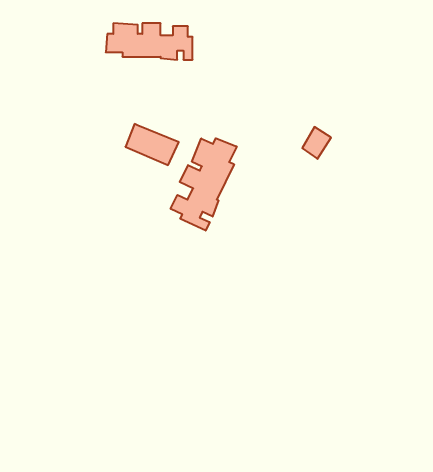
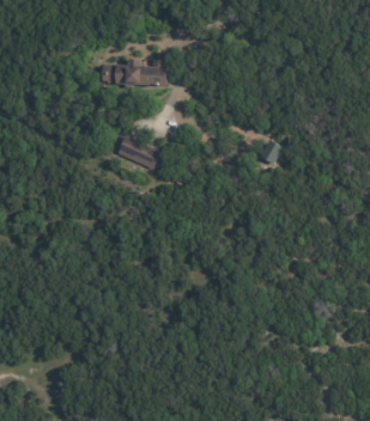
building: [171,138,237,231] -> none

